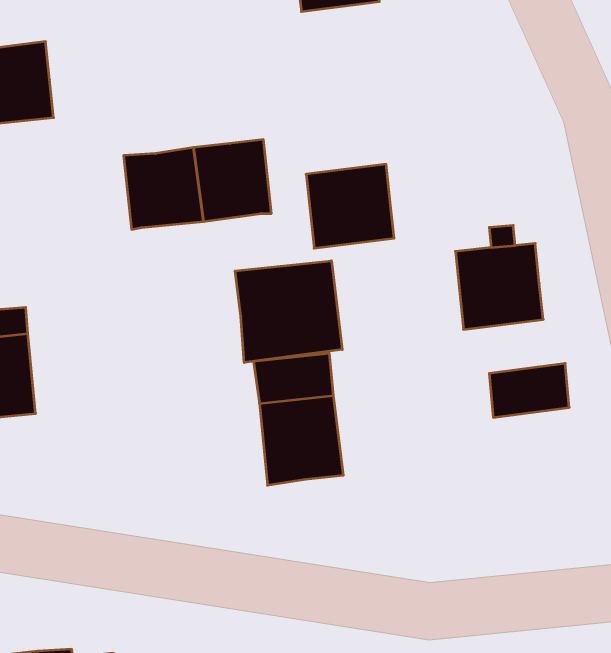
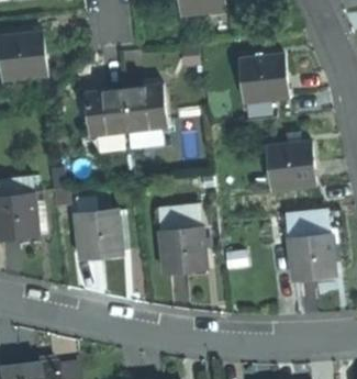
building: [306,164,394,248] -> [239,55,288,101]
building: [235,261,342,363] -> none
building: none -> [74,210,121,257]
building: none -> [288,232,335,280]

